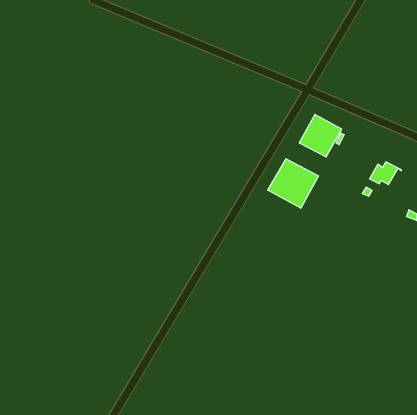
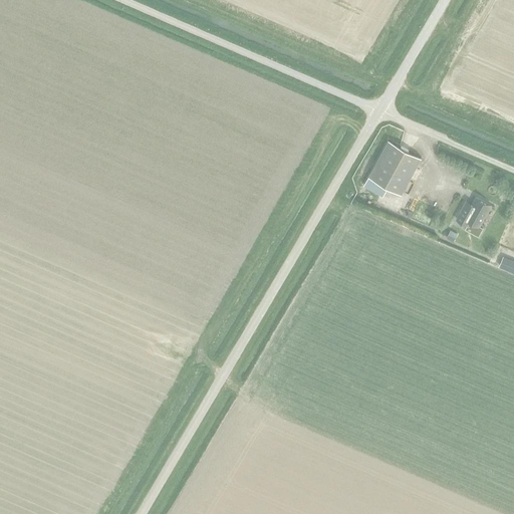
building: [268,159,318,208] -> none

